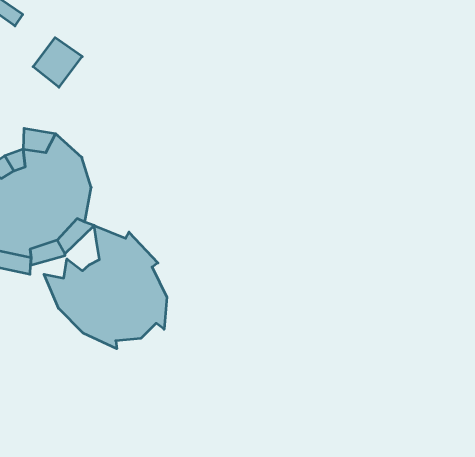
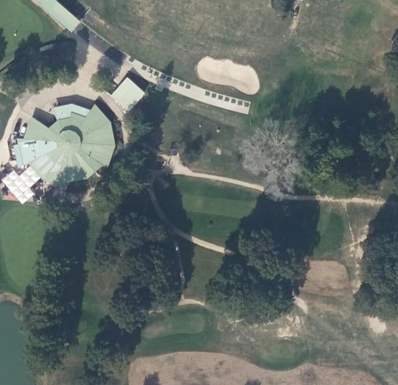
building: [33,38,82,87] -> [109,76,143,110]
building: [44,225,167,349] -> none

